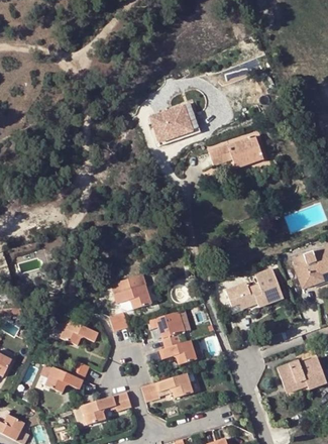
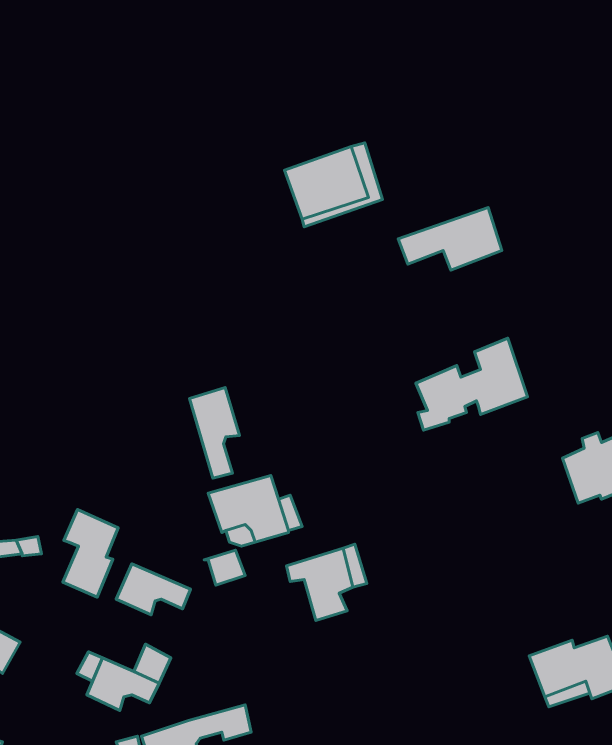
building: none -> [189,388,240,478]
building: [223,267,281,315] -> [416,338,527,430]
building: none -> [63,509,118,597]
building: [158,339,197,364] -> none
building: [141,372,194,402] -> none

